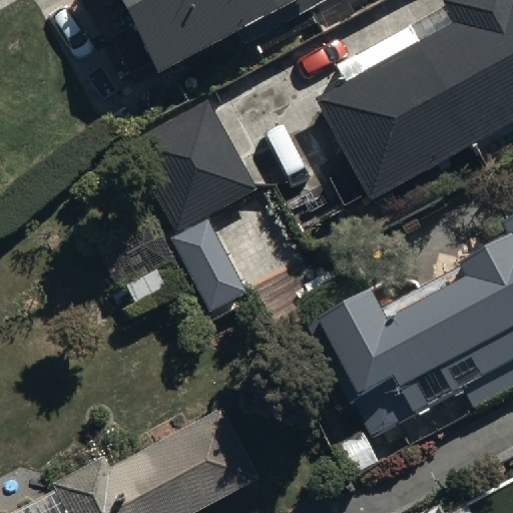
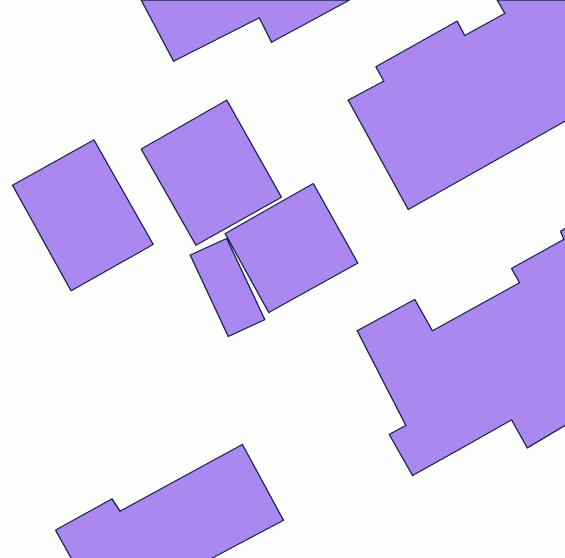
building: none -> [12,140,153,291]
building: none -> [225,184,358,313]

